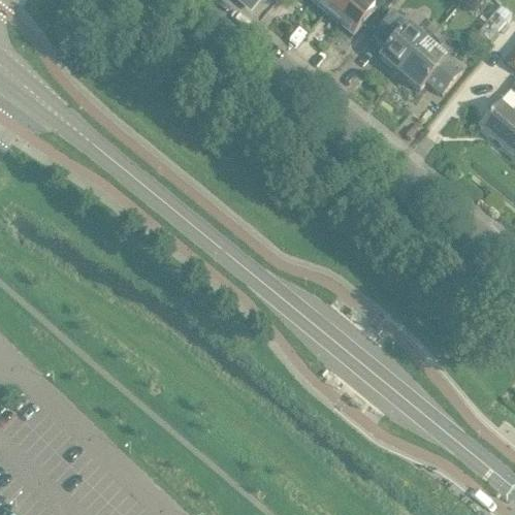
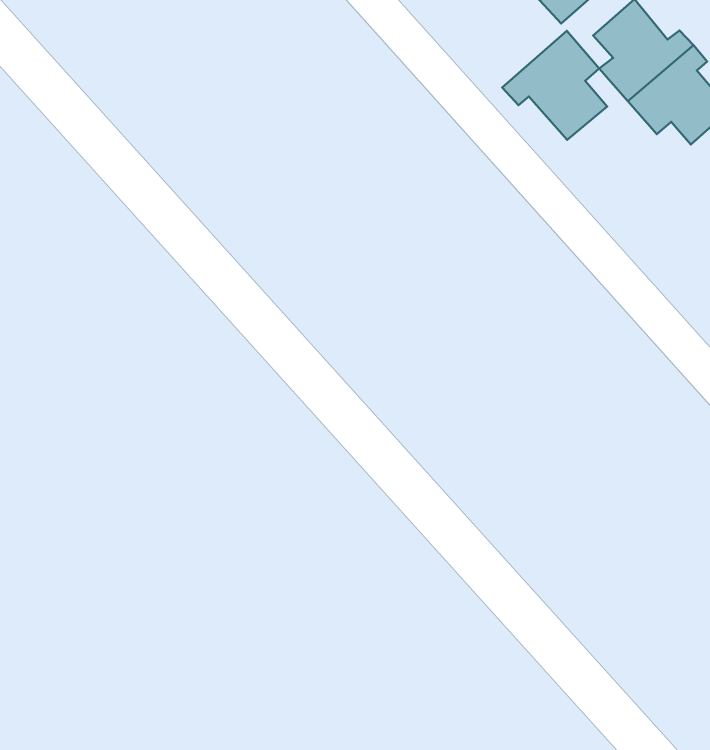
building: none -> [502,31,607,140]

